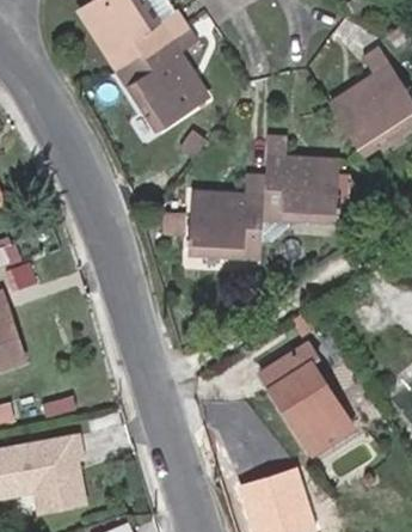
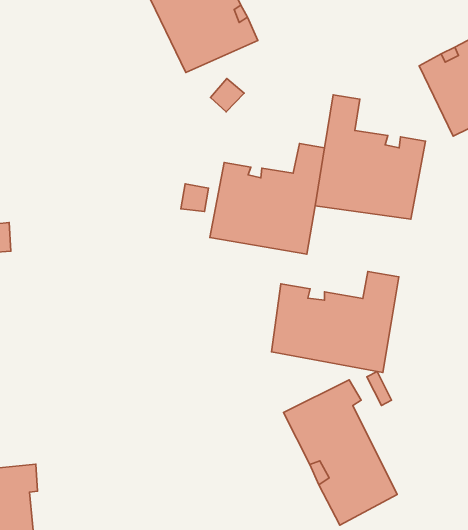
building: none -> [271,272,399,373]

